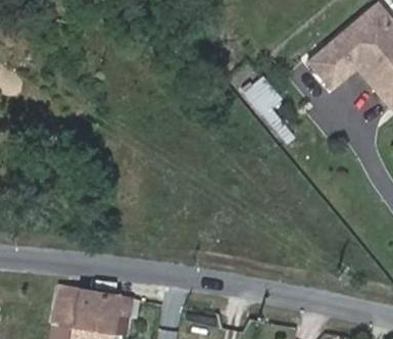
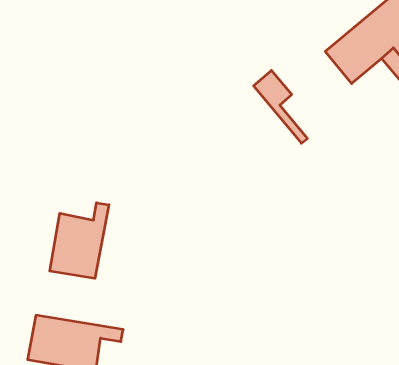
building: none -> [50,203,109,278]

